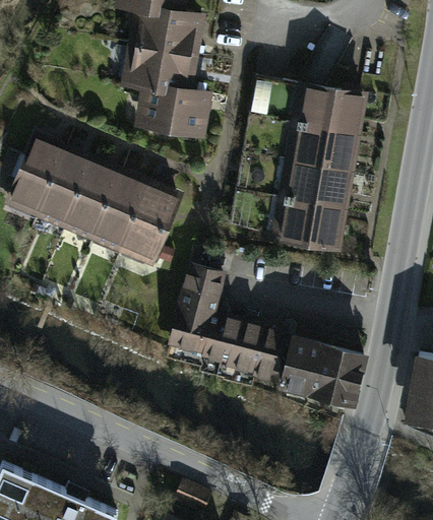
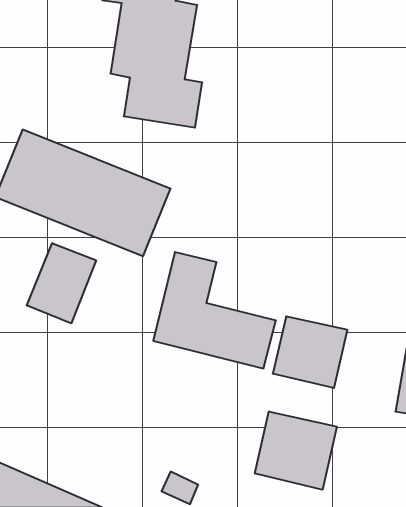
building: [273,84,367,249] -> none
building: none -> [27,243,96,323]
building: none -> [255,411,337,490]

